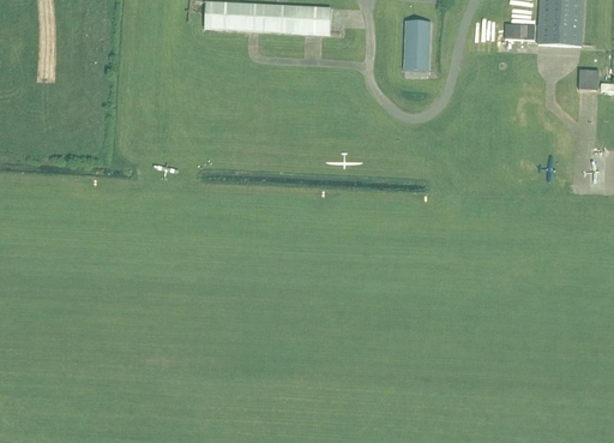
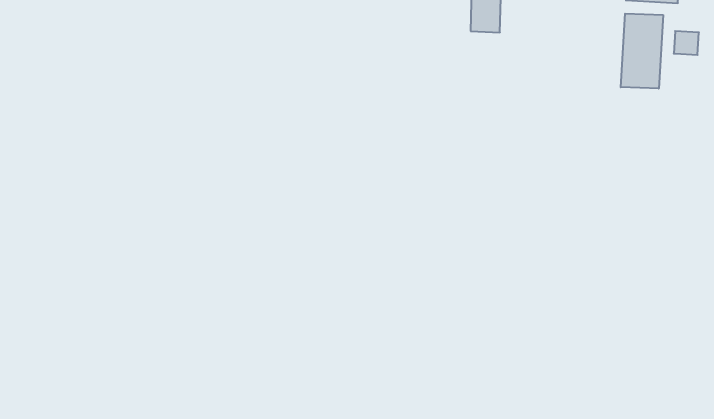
building: none -> [621,14,663,89]

